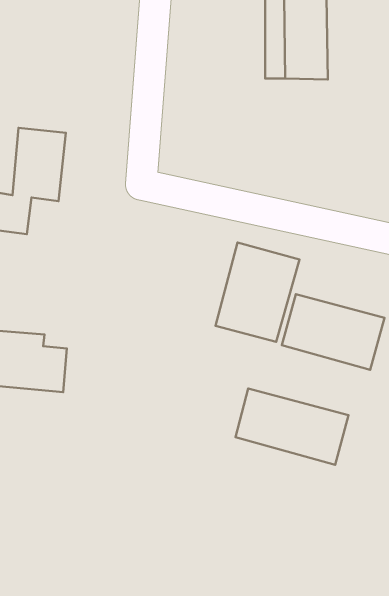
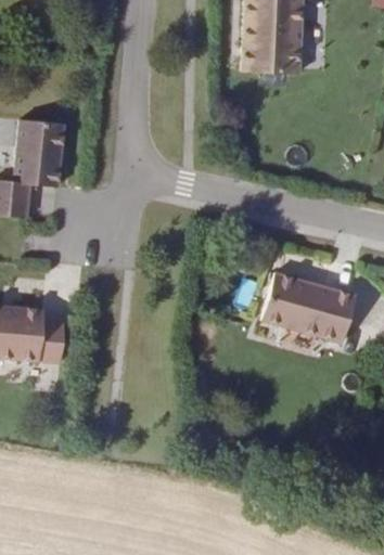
building: [216,243,299,342] -> none
building: [235,388,349,465] -> none

